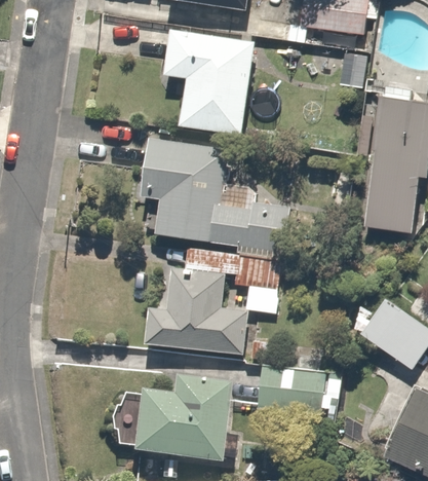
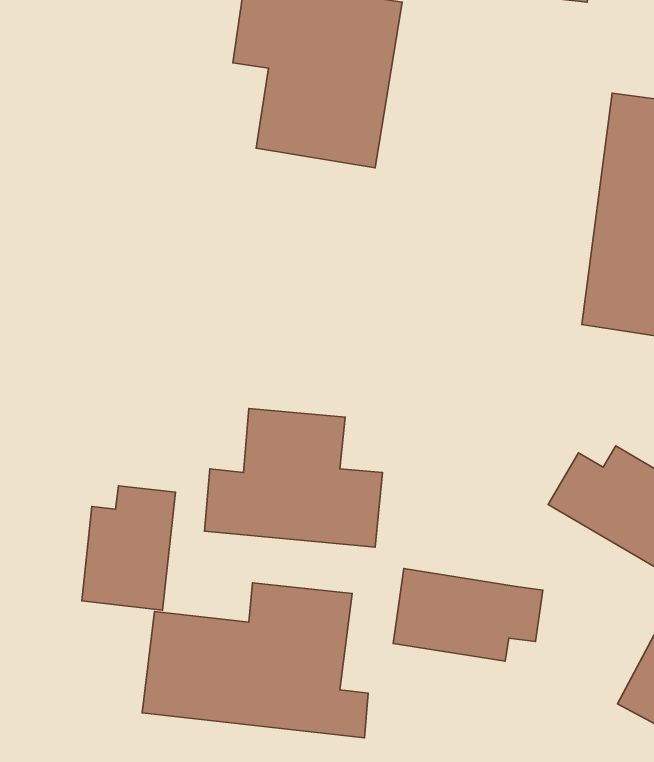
building: [138,133,287,252] -> none
building: [184,248,283,312] -> none
building: none -> [82,486,176,610]

